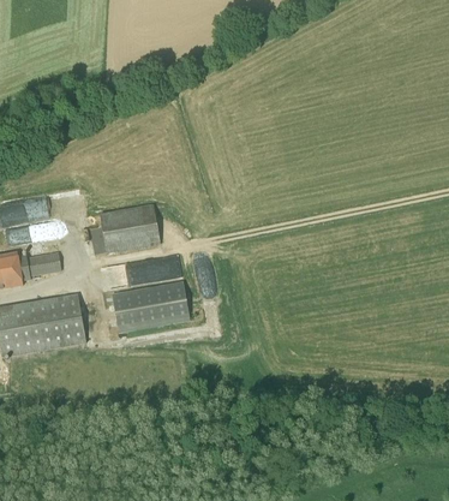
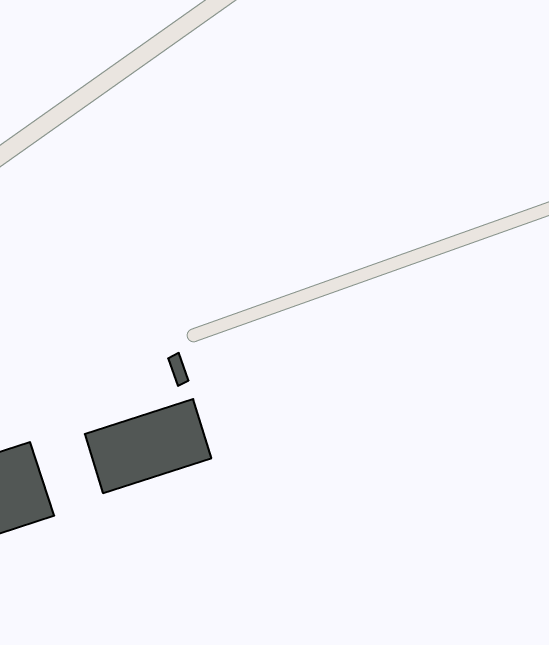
building: [98,203,160,254] -> none

